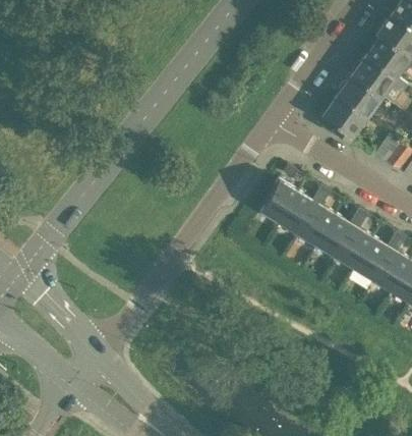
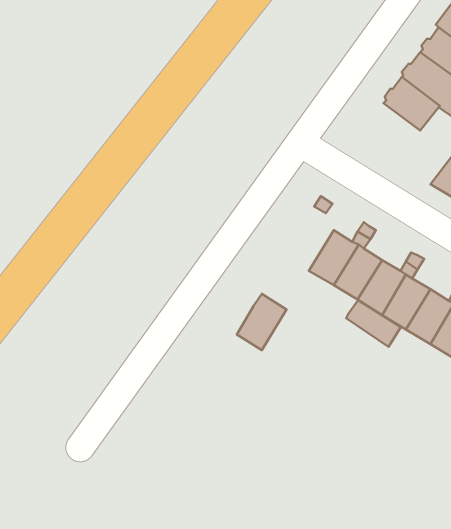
building: [323,94,366,140] -> none
building: [260,180,299,224] -> [237,294,287,350]
building: none -> [346,300,401,347]

